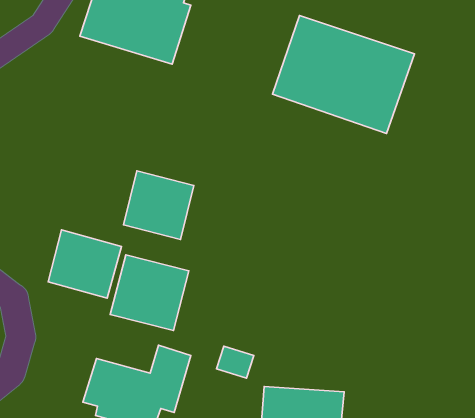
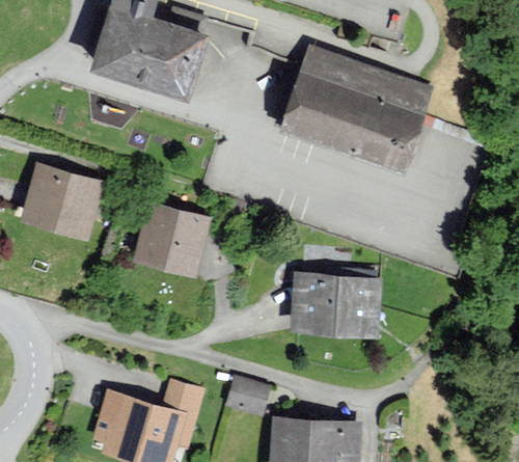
building: [48,230,122,298] -> [25,166,99,235]
building: none -> [293,274,378,334]
building: [110,255,189,330] -> none

